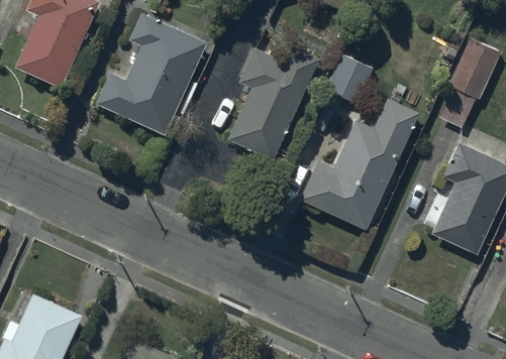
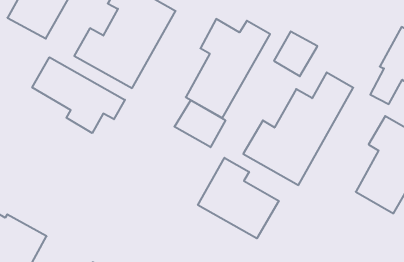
building: none -> [32,57,125,133]
building: none -> [174,100,225,147]
building: none -> [198,158,279,238]

